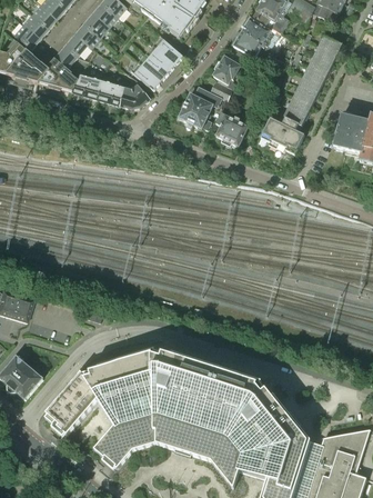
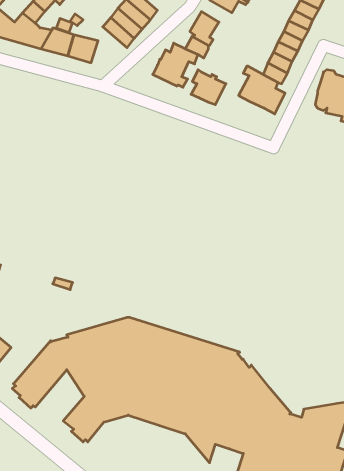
building: [120,82,153,109] -> none

